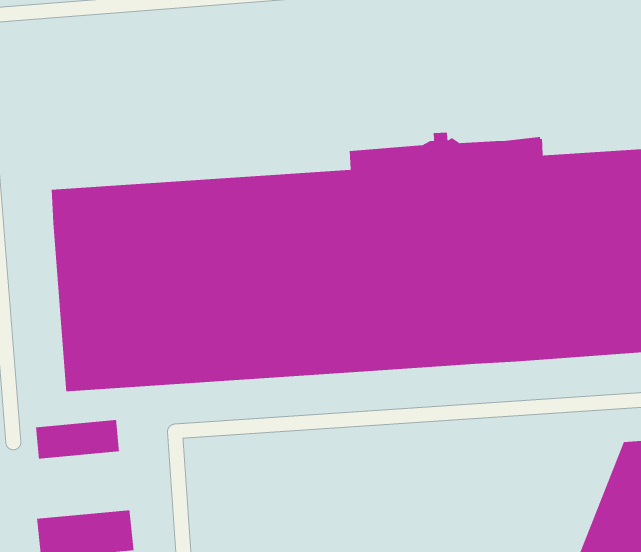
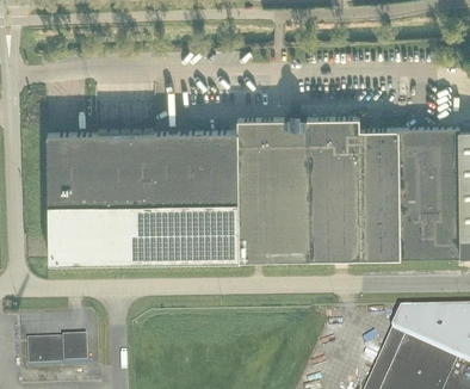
building: [35,419,120,460] -> none

